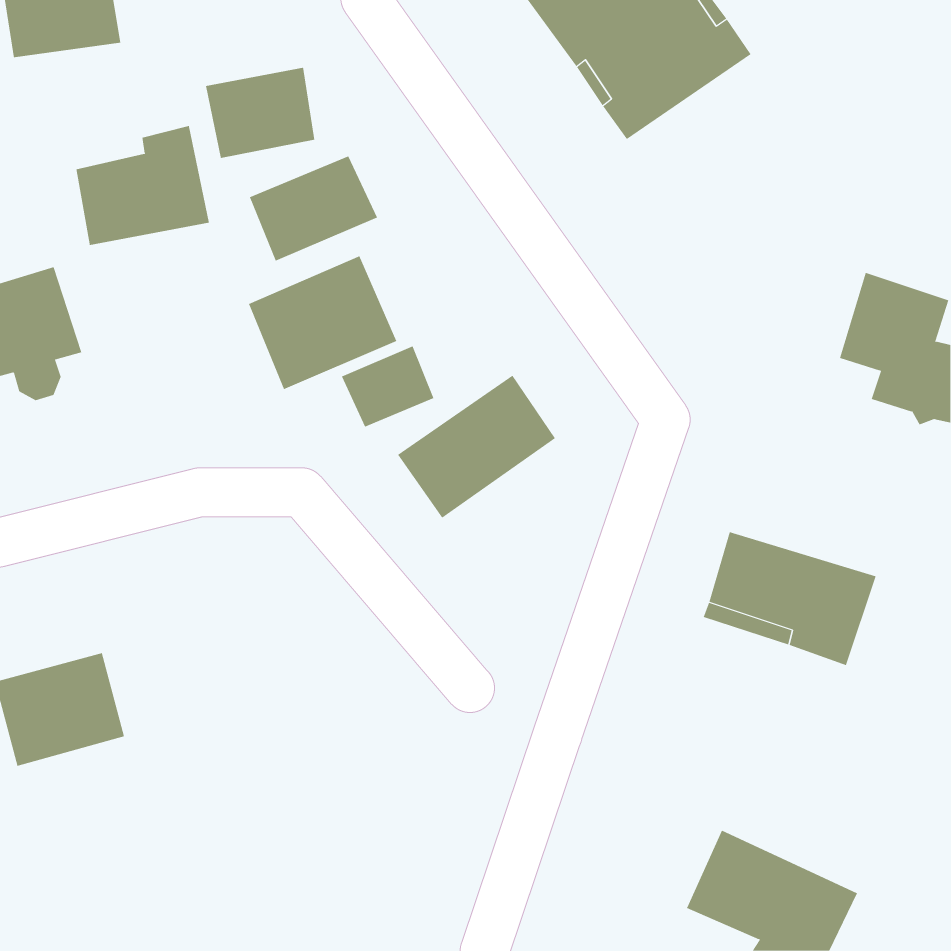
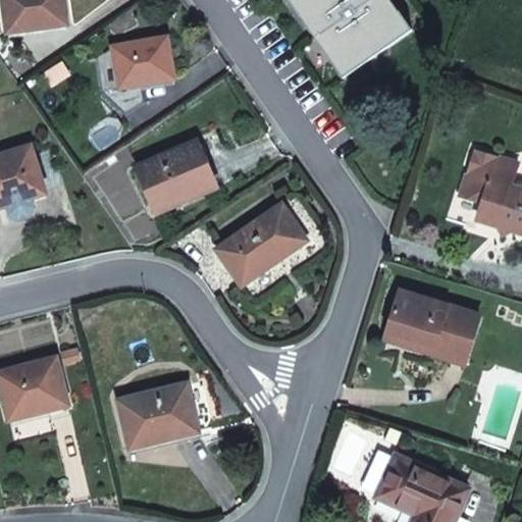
building: [76,125,210,246] -> none
building: [249,155,378,261] -> none
building: [341,346,434,427] -> none
building: none -> [118,382,199,448]

